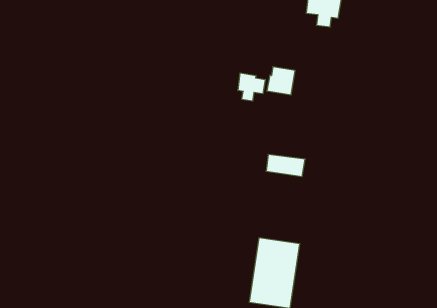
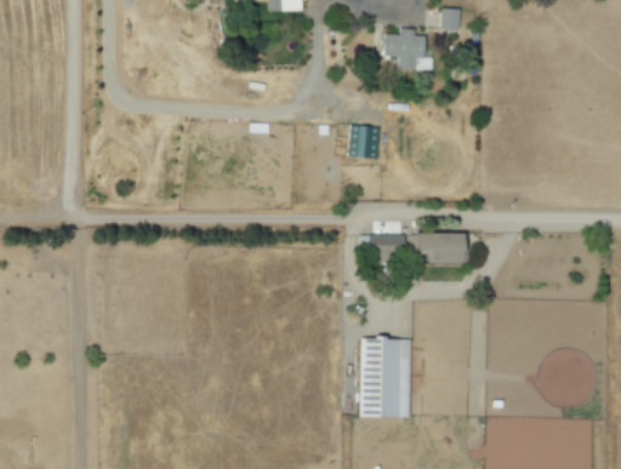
building: [238,73,265,101] -> none
building: none -> [414,233,468,263]

